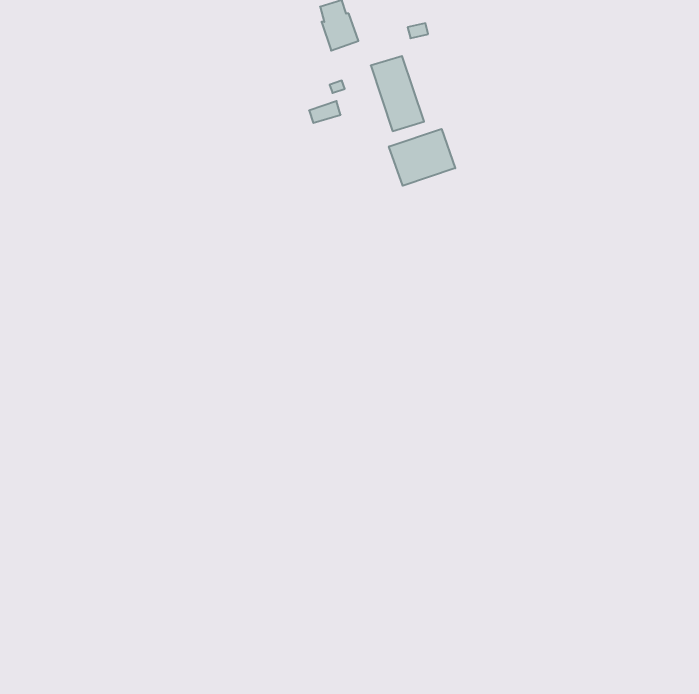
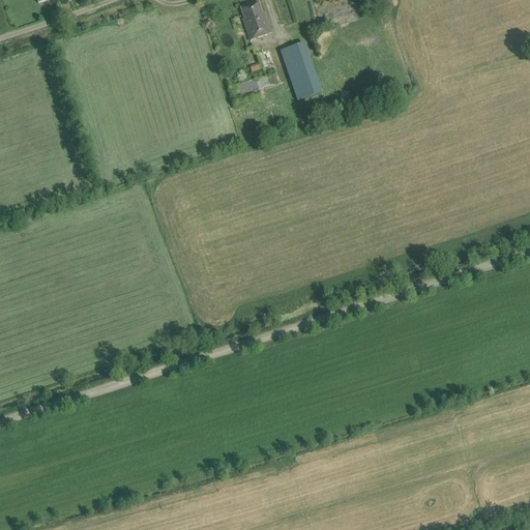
building: [389,129,455,186] -> none

